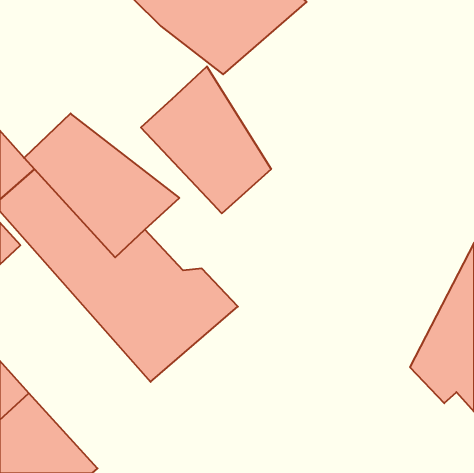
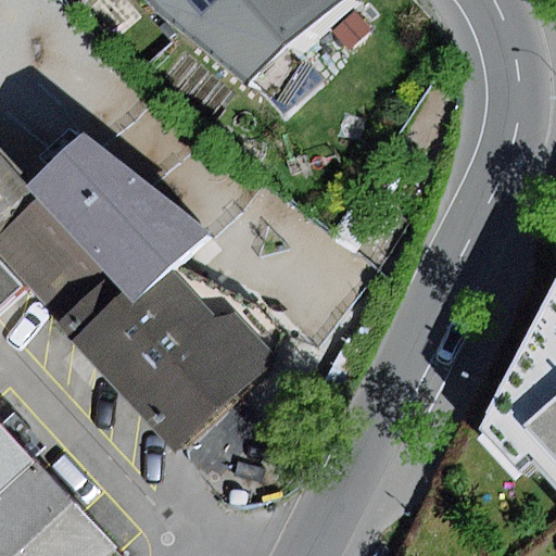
building: [141,66,271,213] -> none

